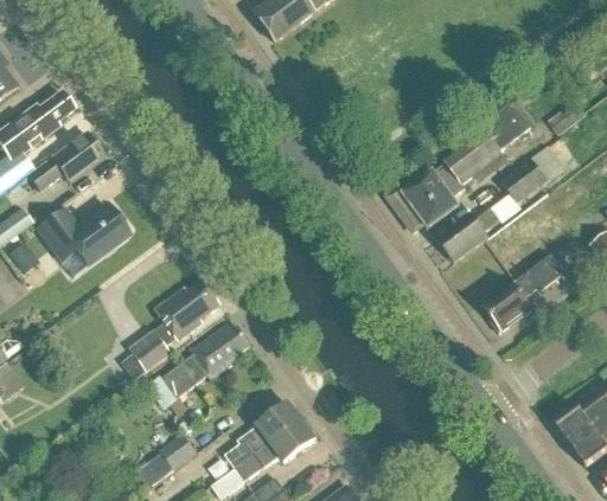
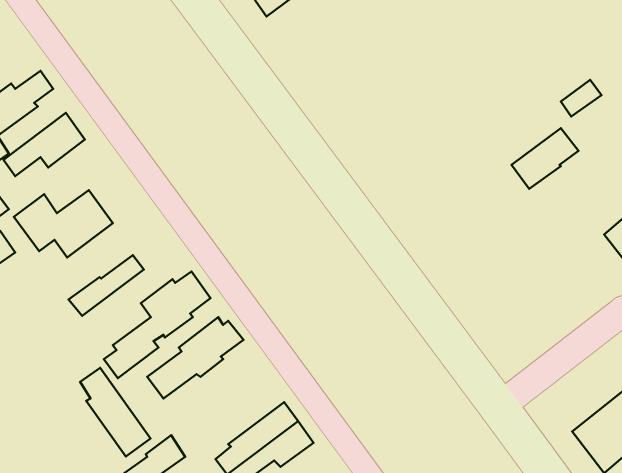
building: [385,102,530,231] -> none
building: [435,207,499,263] -> none
building: [485,256,564,332] -> none
building: none -> [69,255,144,316]
building: none -> [80,368,150,456]

